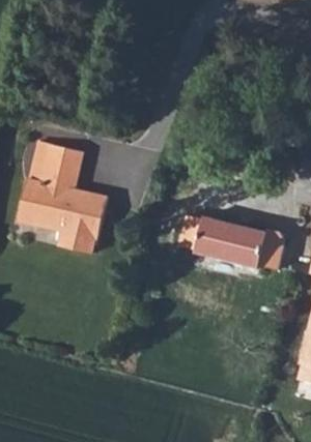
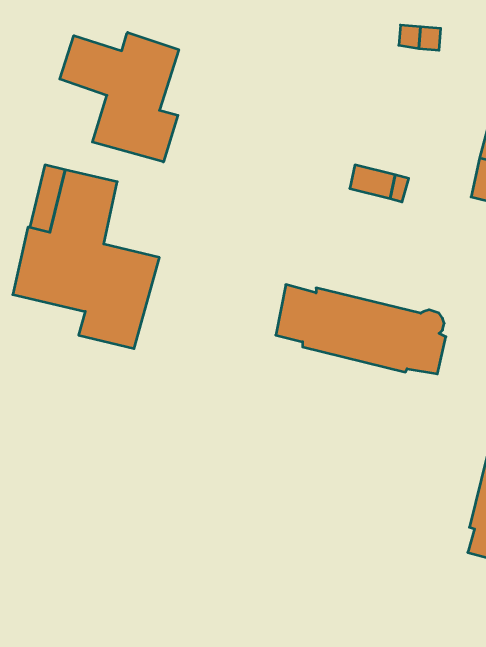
building: none -> [60,32,179,162]

